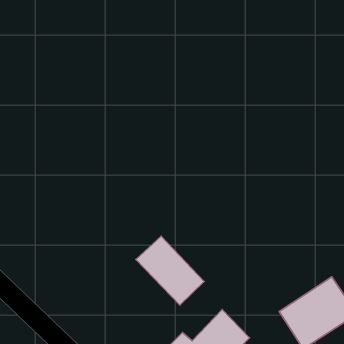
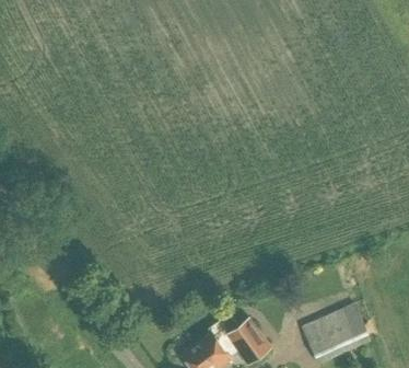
building: [136,236,204,305] -> none

